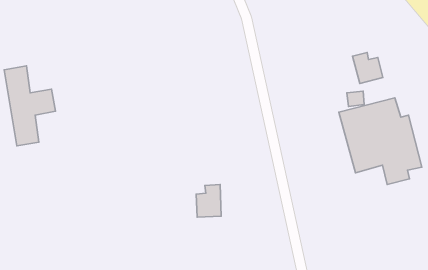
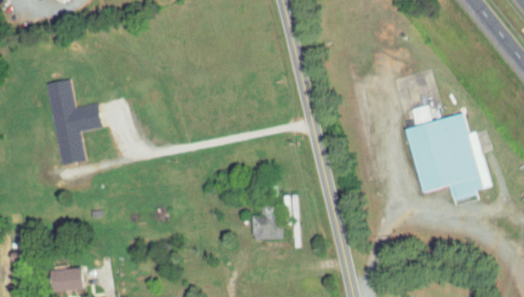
building: [352,53,383,83] -> none
building: none -> [48,268,82,290]

